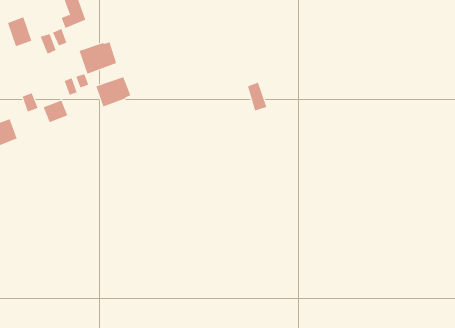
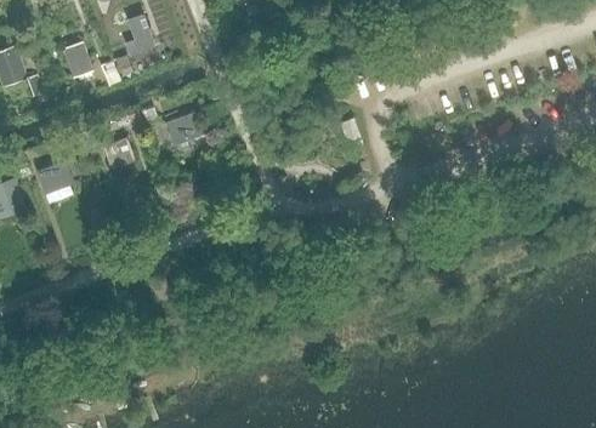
building: [79,42,117,74] -> none

